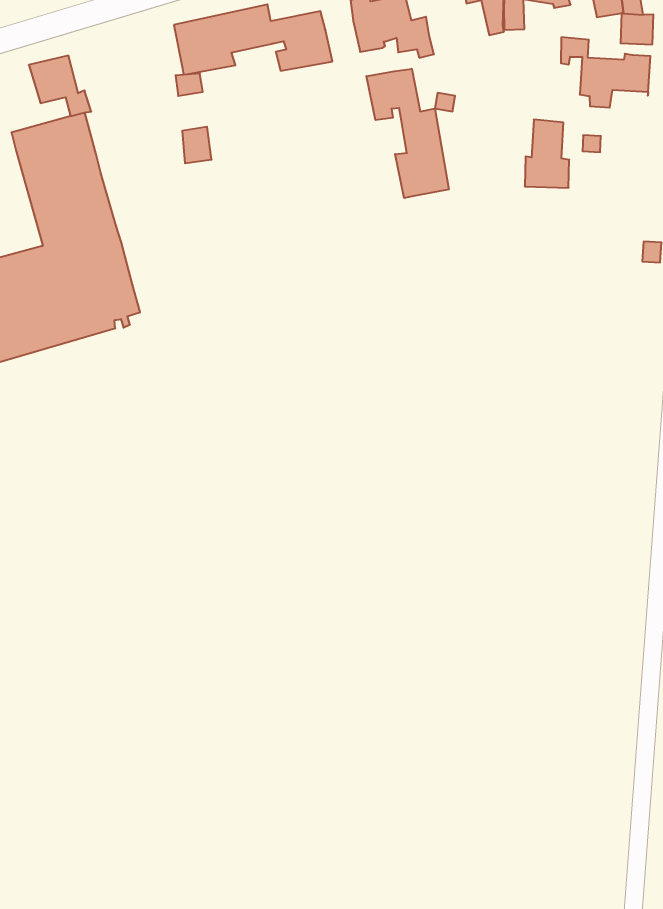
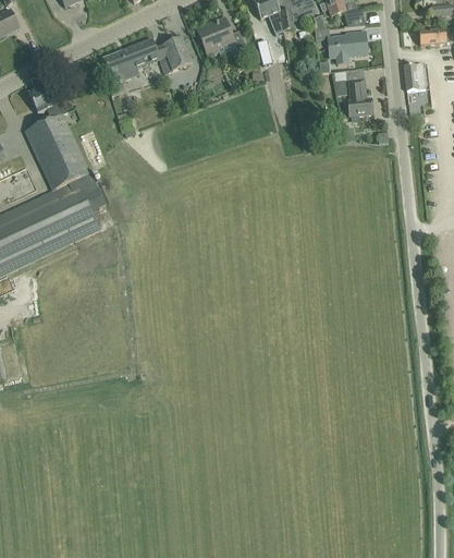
building: [366,69,449,198] -> none
building: [525,120,569,188] -> [347,78,373,117]

